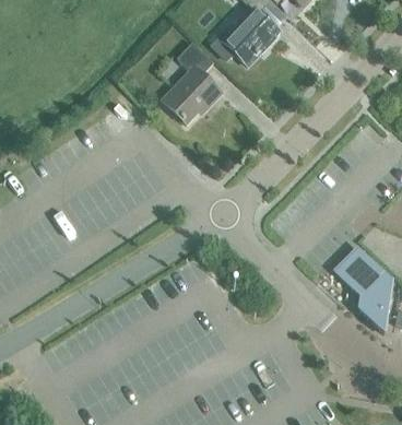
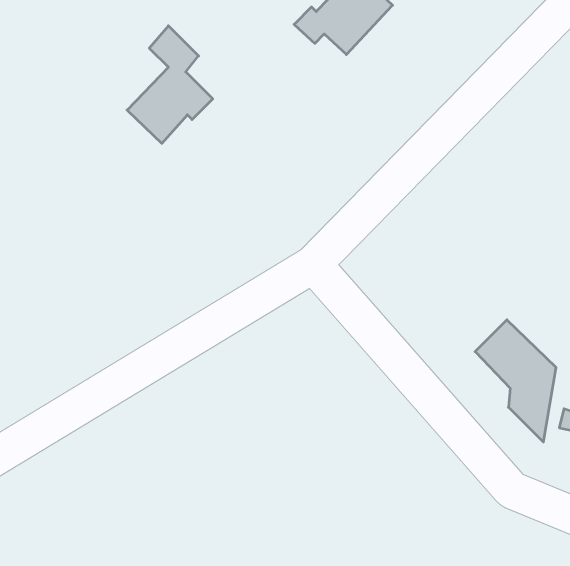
building: [163,42,222,122] -> [127,26,213,143]

